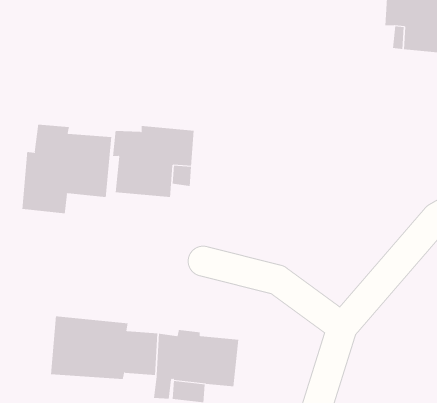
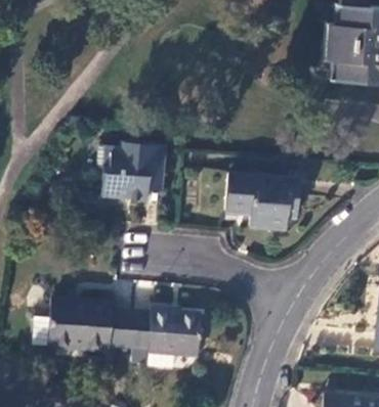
building: [22,124,112,214] -> none
building: none -> [224,171,299,229]

